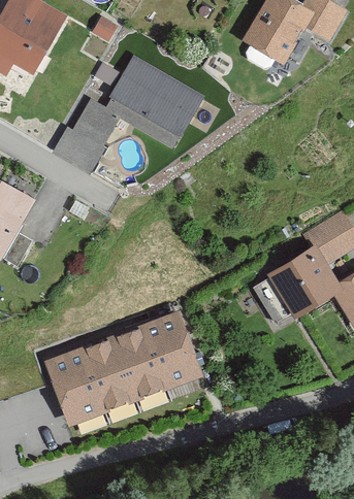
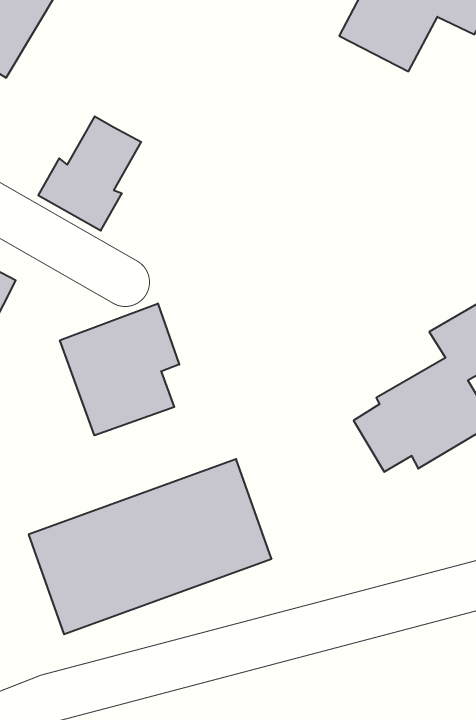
building: [100,51,202,143] -> none
building: none -> [60,303,179,435]

